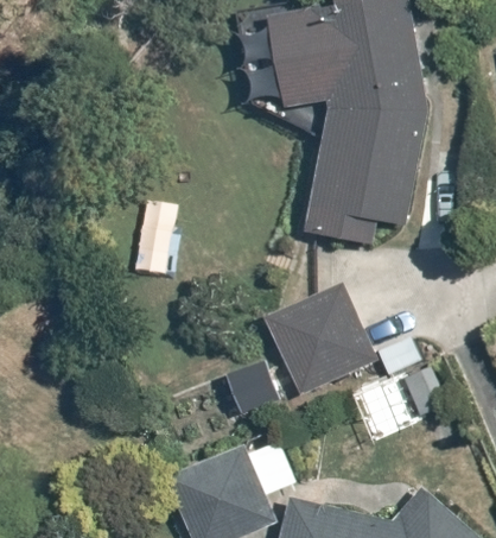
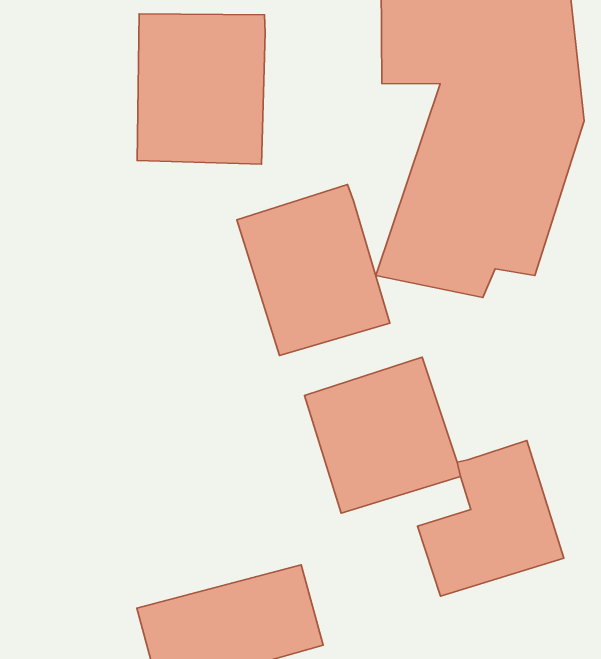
building: none -> [137,14,265,164]
building: none -> [237,185,390,356]

